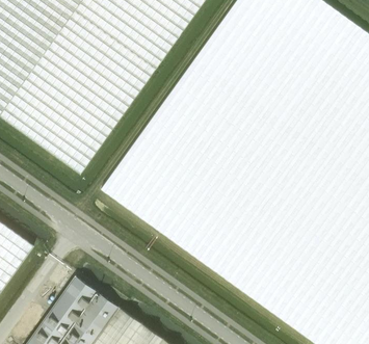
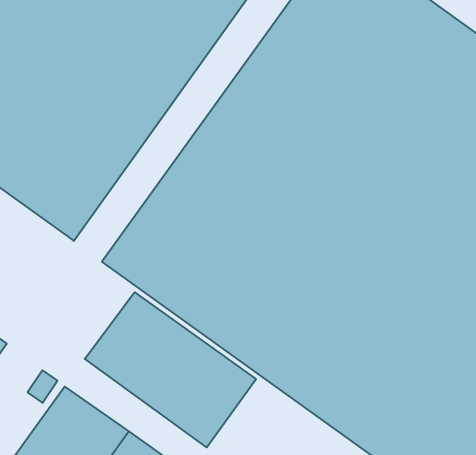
building: none -> [85,292,256,447]

